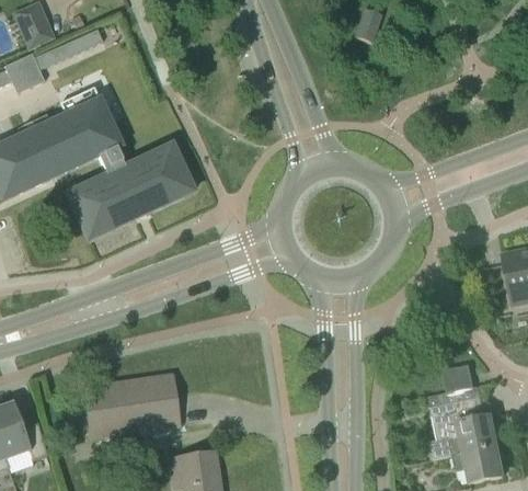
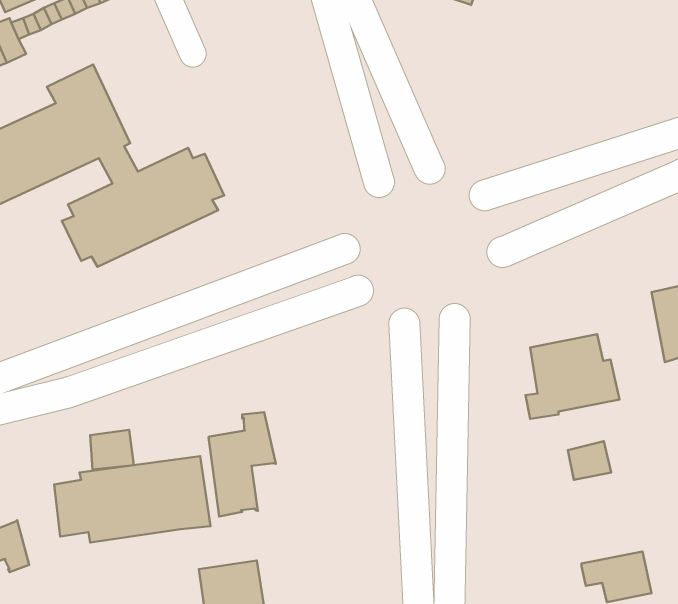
building: none -> [209,412,276,517]
building: none -> [90,430,134,470]
building: [428,396,497,458] -> [526,334,619,419]

